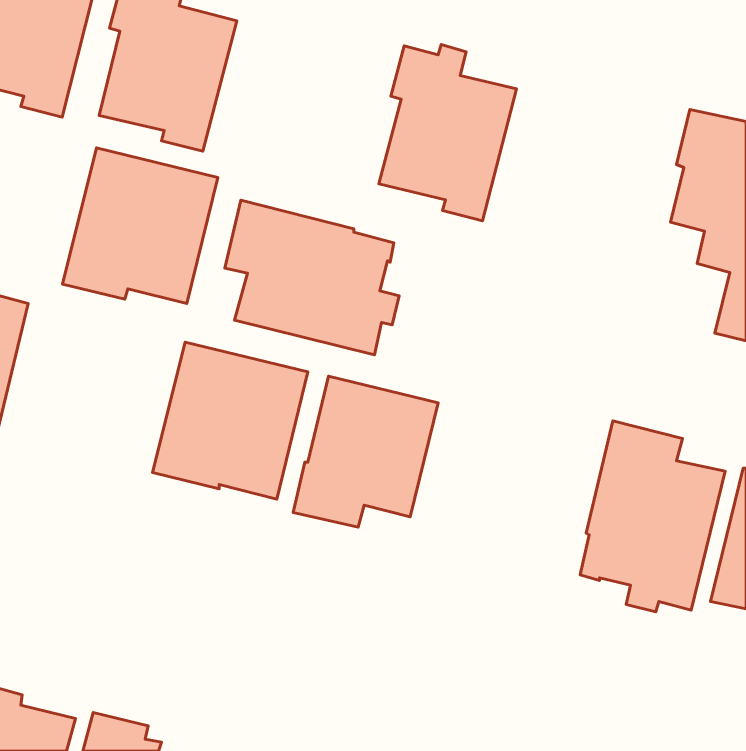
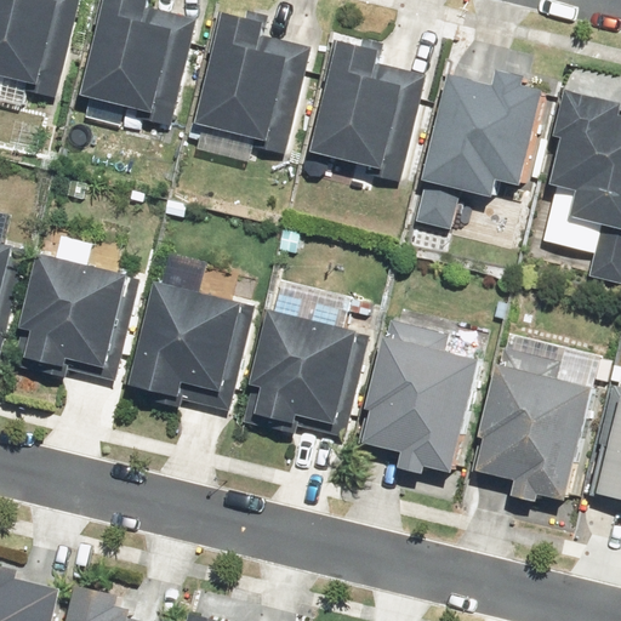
building: none -> [195,8,308,153]
building: none -> [414,69,546,228]
building: [63,148,218,304] -> [11,252,138,380]
building: [225,200,399,355] -> none
building: none -> [357,318,480,473]

